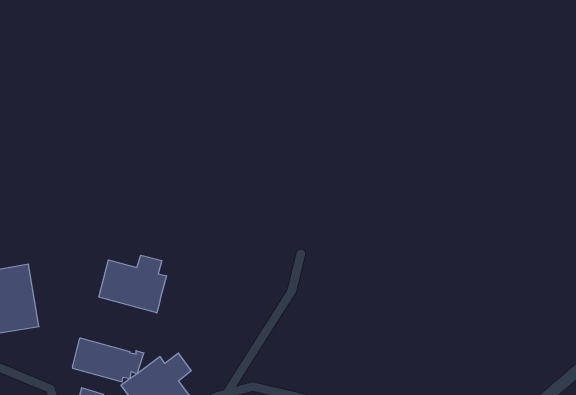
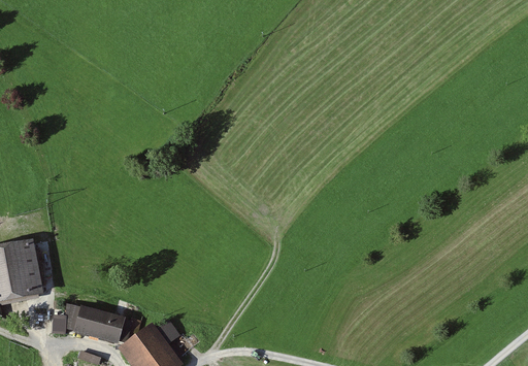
building: [99,255,167,313] -> none
building: none -> [52,302,79,334]

